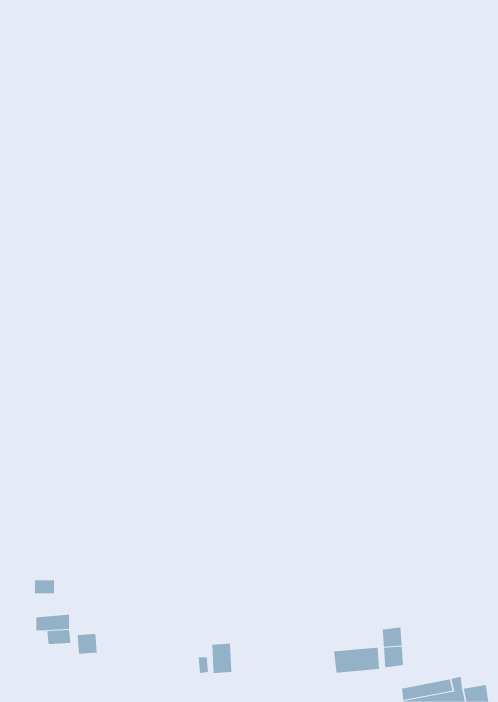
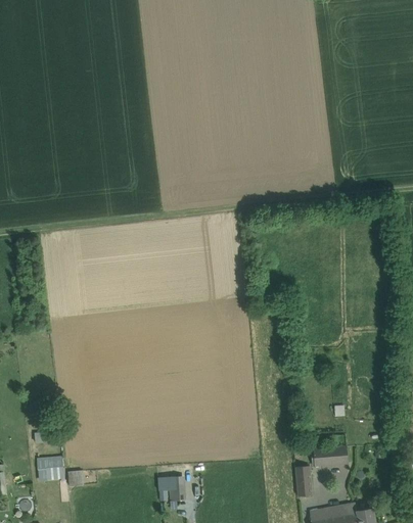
building: [333,647,380,673] -> [313,446,348,466]

